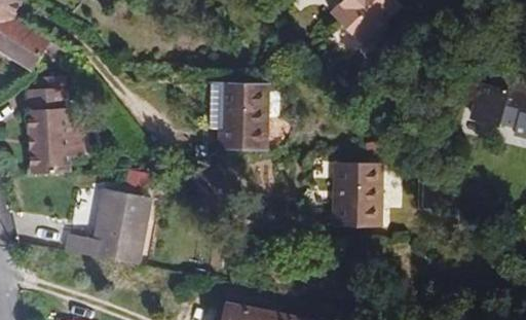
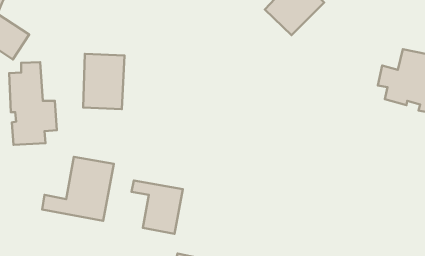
building: [219,83,268,149] -> [83,54,124,109]
building: [334,162,381,226] -> none
building: none -> [132,180,183,234]

